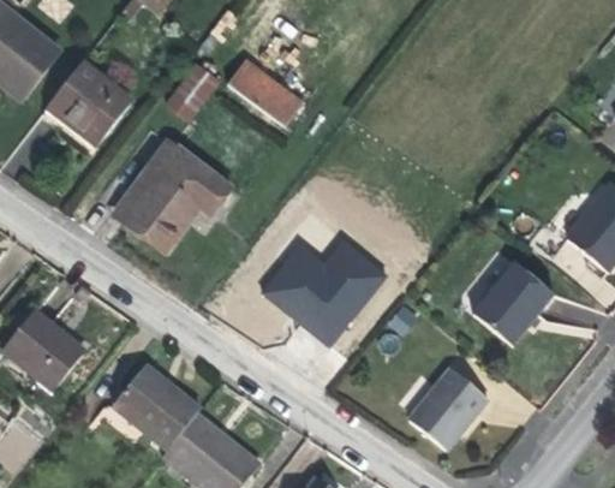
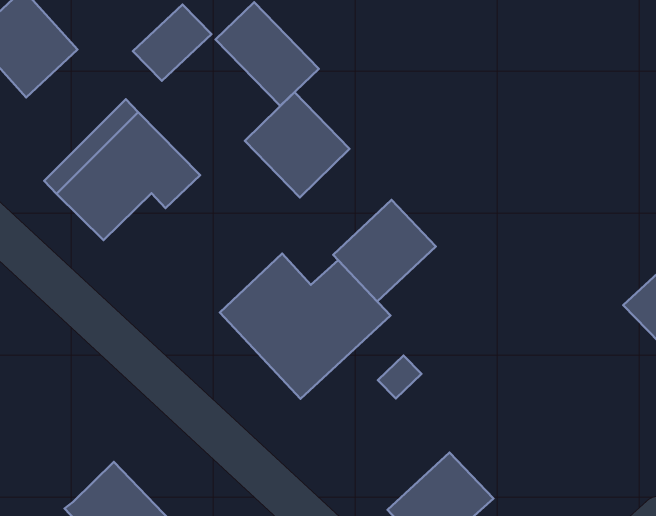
building: none -> [245,92,349,198]
building: none -> [333,200,436,301]
building: [472,262,553,345] -> none
building: [114,365,201,448] -> none

